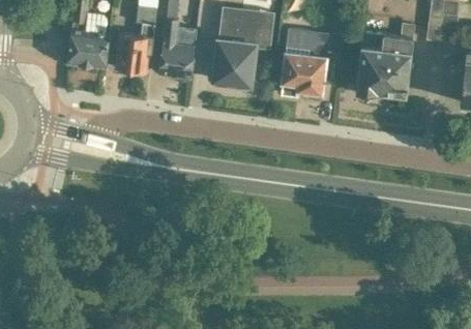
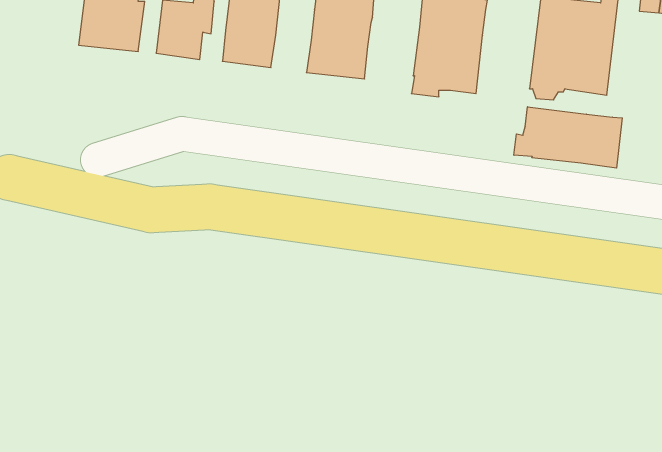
building: none -> [514,107,622,168]

